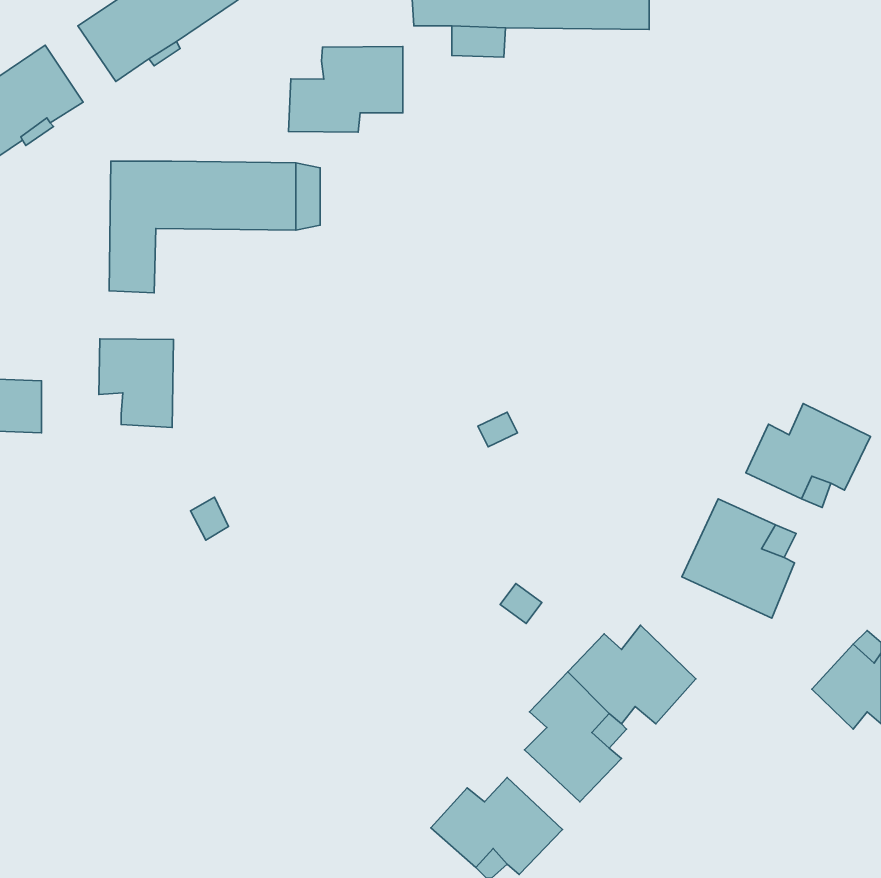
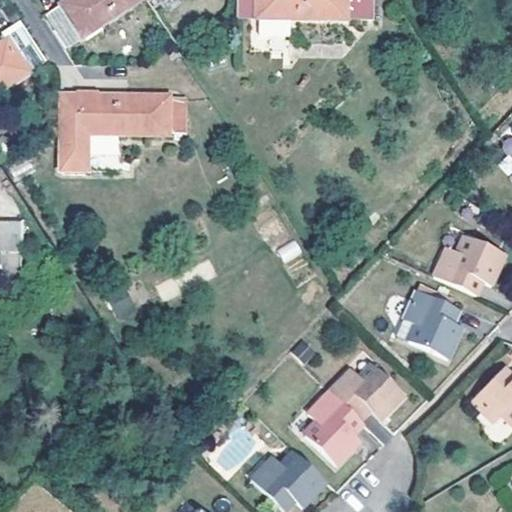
building: [289,46,403,132] -> none
building: [99,339,173,428] -> none

